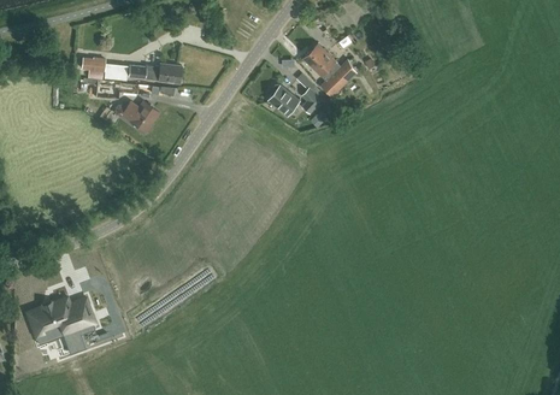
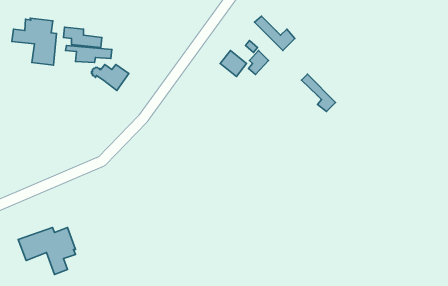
building: none -> [12,18,56,65]
building: [302,51,343,95] -> [301,74,336,111]
building: [128,64,182,83] -> none

